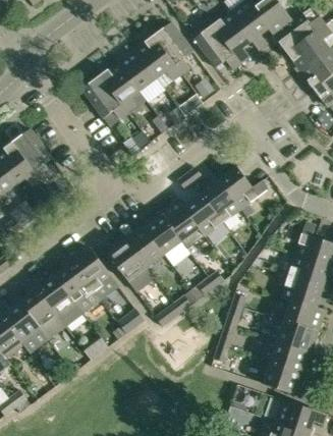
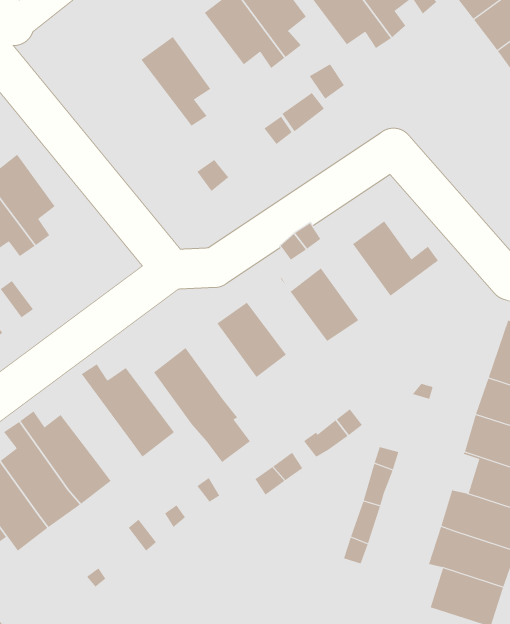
building: [118,49,158,92] -> none
building: [81,75,128,119] -> none
building: [202,179,240,222] -> none
building: [160,199,205,241] -> none
building: [125,224,165,267] -> none
building: [55,253,101,313] -> none

